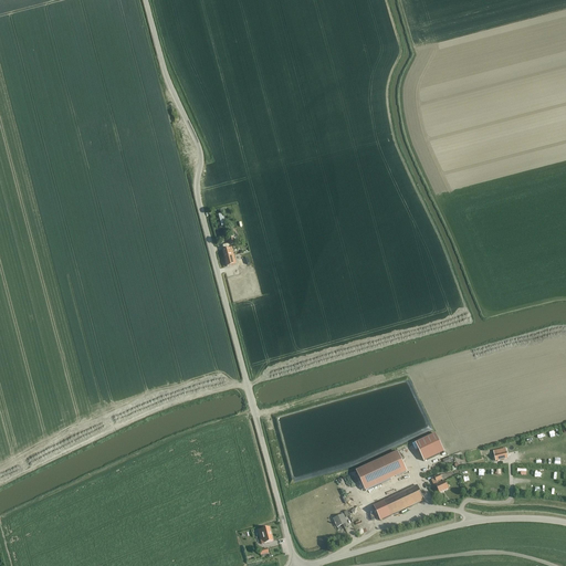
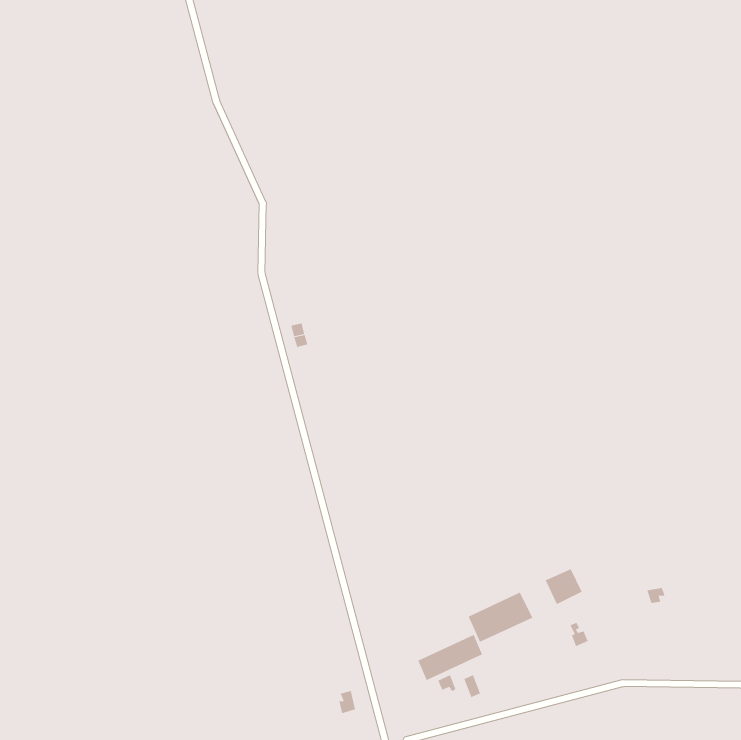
building: [373,483,422,518] -> [418,634,483,681]

